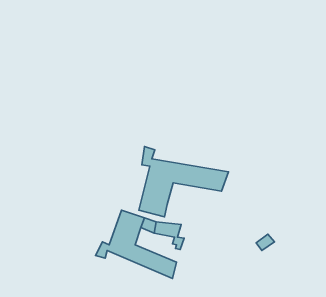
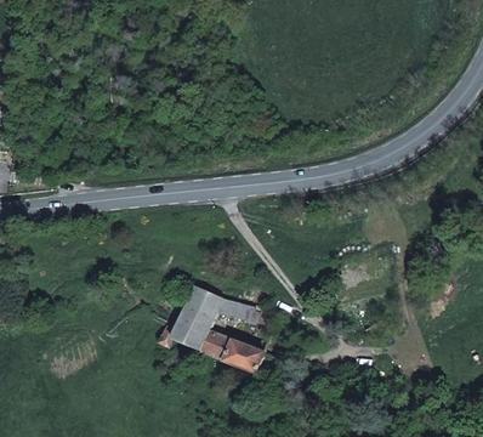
building: [139,147,228,217] -> none

